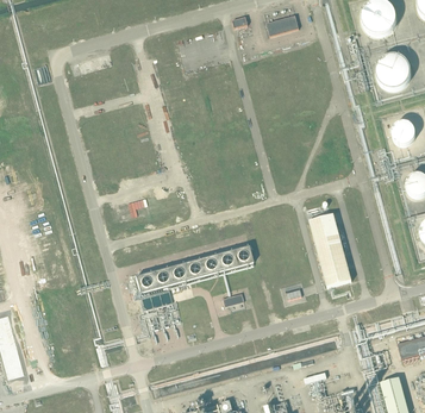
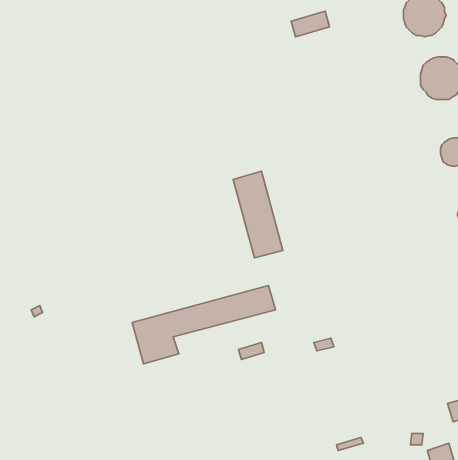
building: [310,213,351,286] -> [233,171,283,258]

